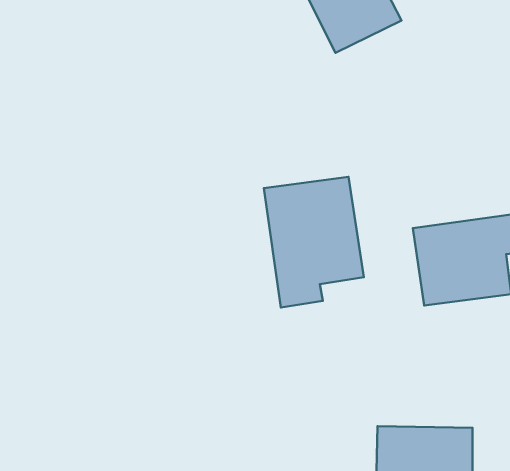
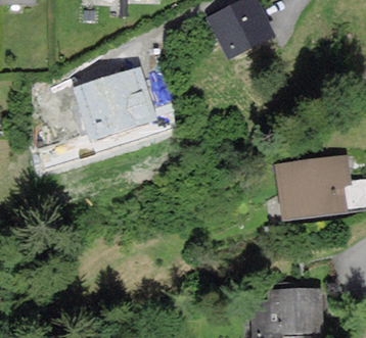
building: none -> [83,80,147,133]
building: [264,177,364,308] -> none

